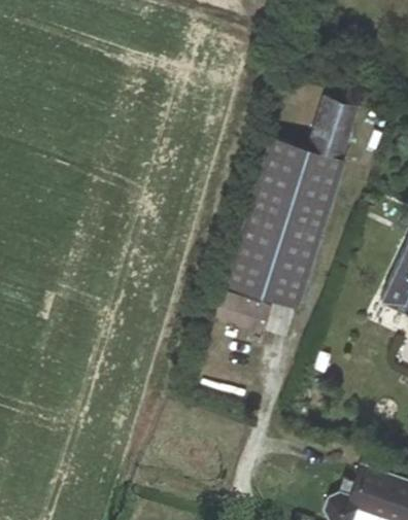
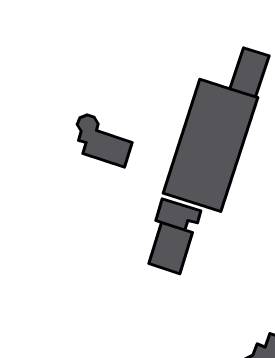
building: none -> [77,115,132,167]
building: none -> [149,222,193,274]

